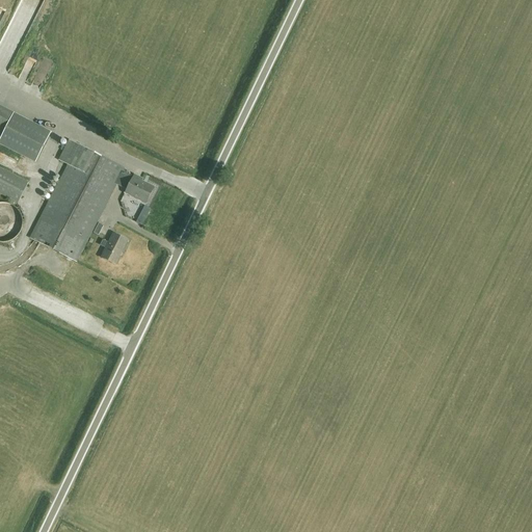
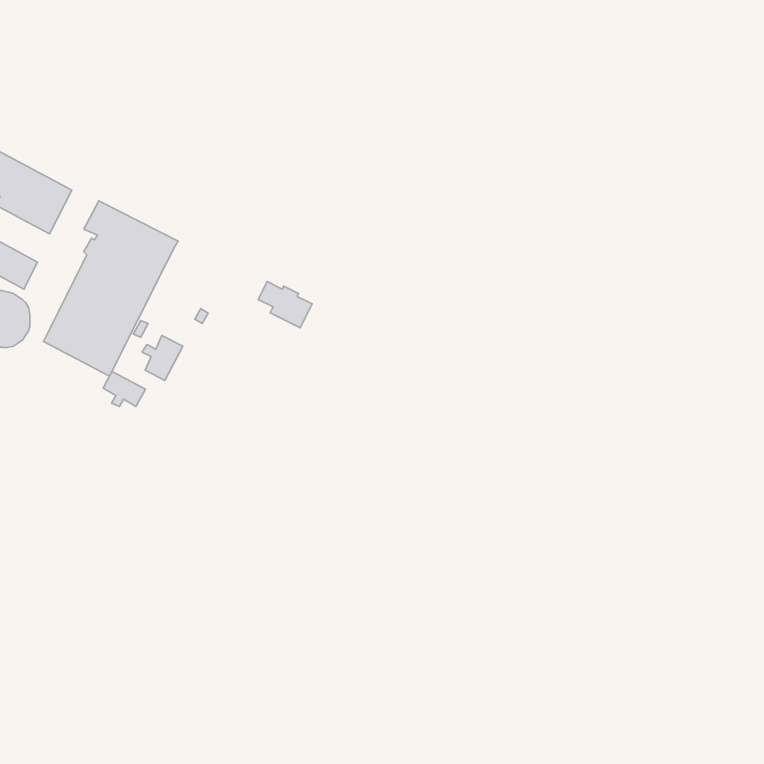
building: [115,170,153,203] -> [258,282,312,328]
building: none -> [103,371,145,407]

